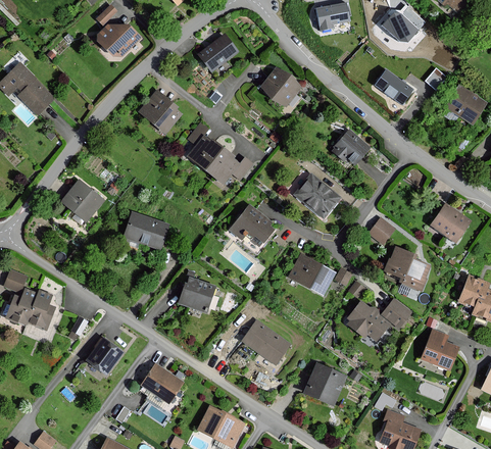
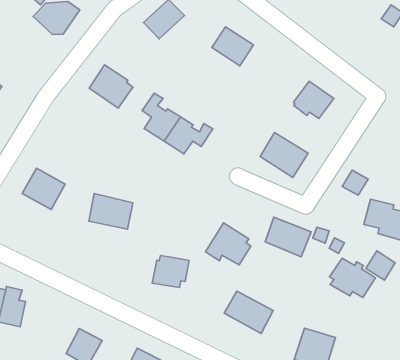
building: [372,67,414,106] -> none
building: [229,204,273,246] -> [205,223,251,265]

